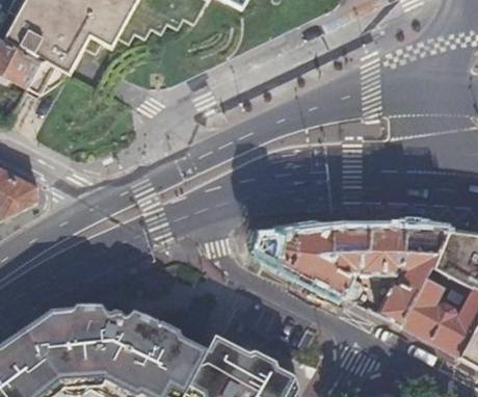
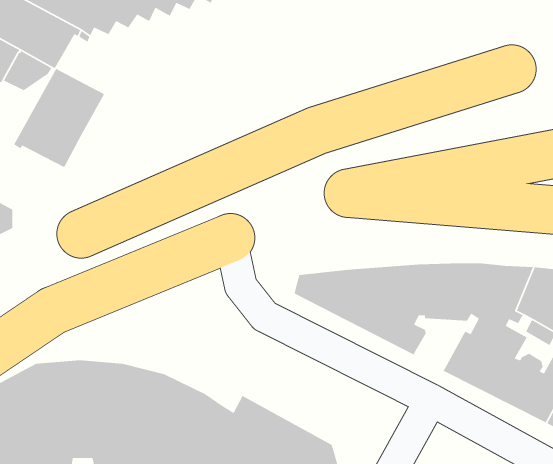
building: none -> [13,68,105,168]

